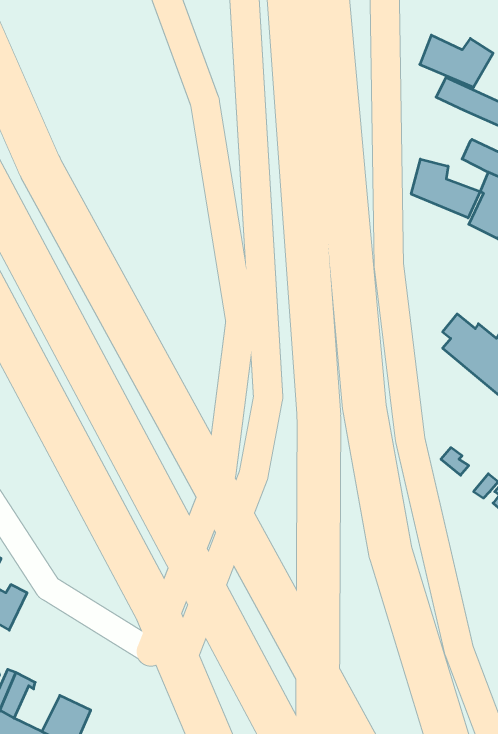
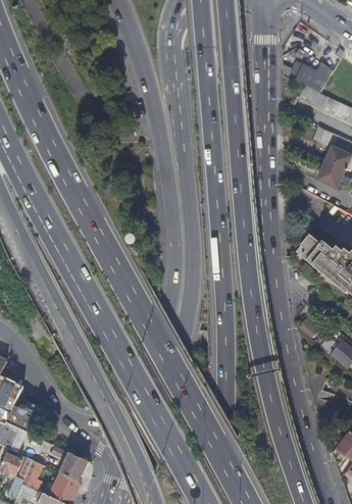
building: [411,159,480,218] -> none
building: none -> [59,452,88,482]

